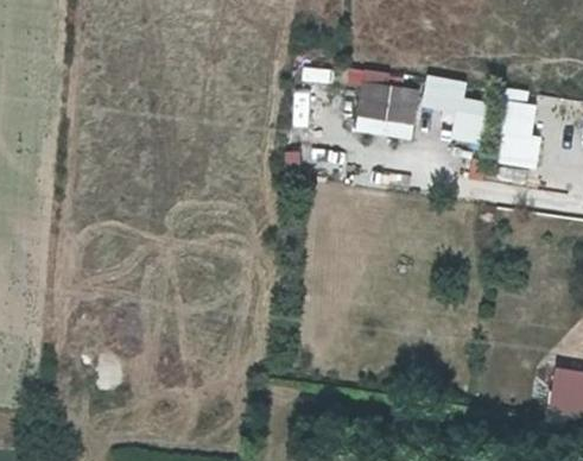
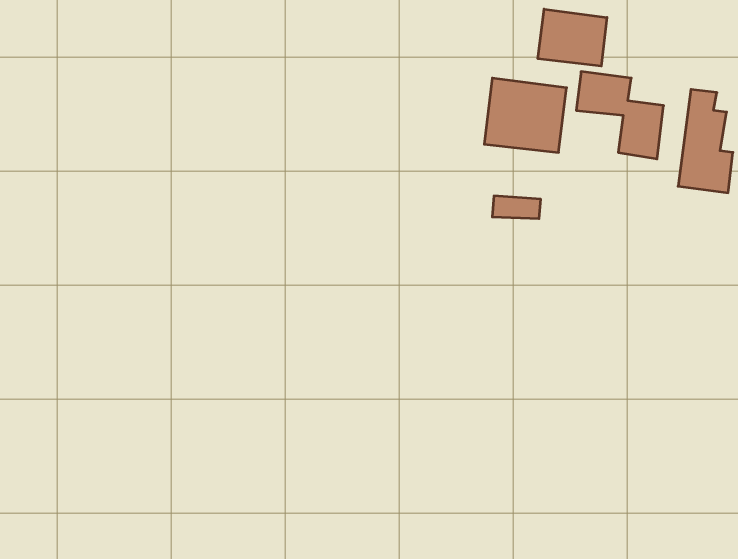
building: none -> [538,9,607,66]

